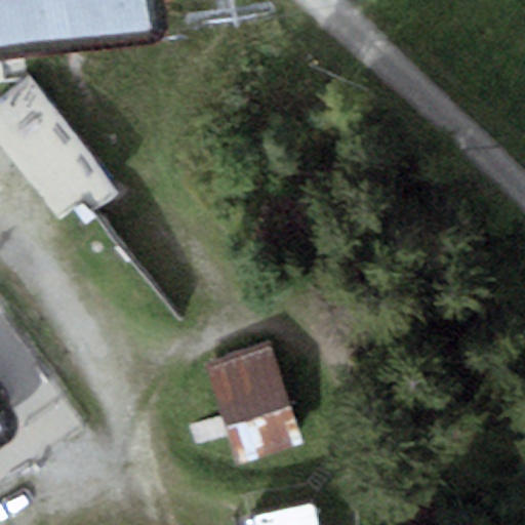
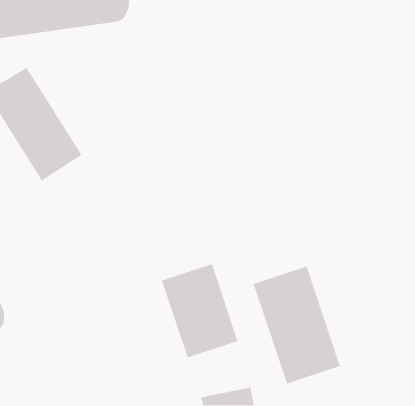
building: none -> [253,265,341,385]

